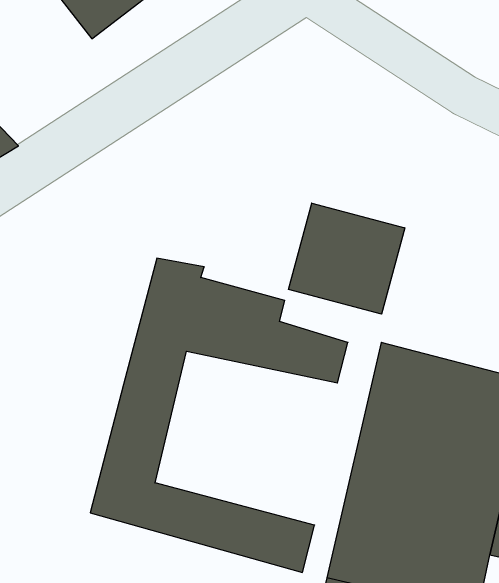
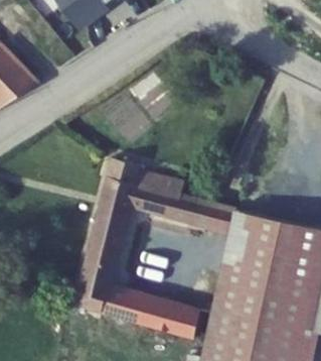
building: [288,203,405,314] -> none

